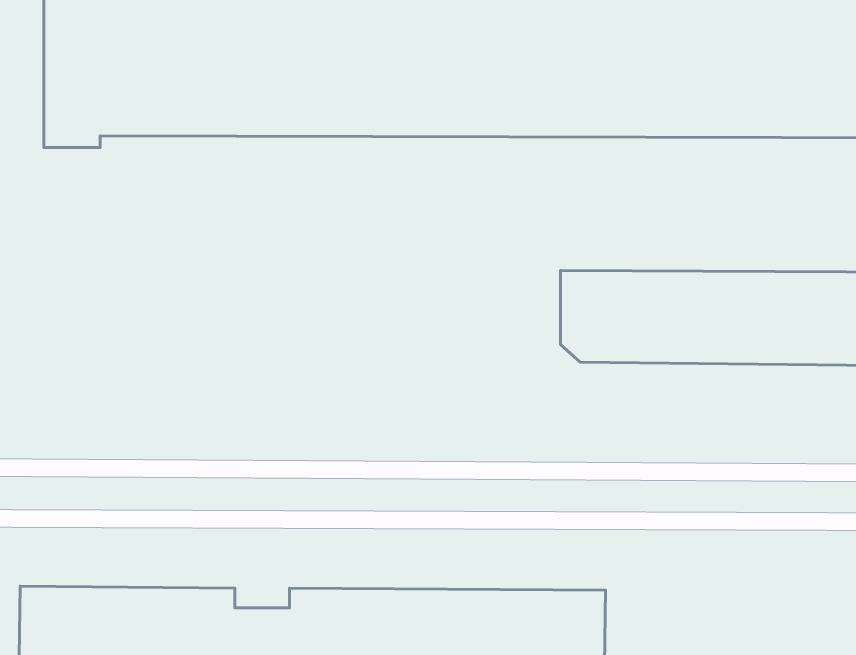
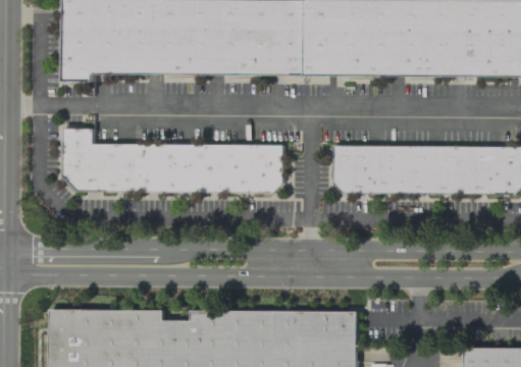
building: none -> [62,128,282,192]

